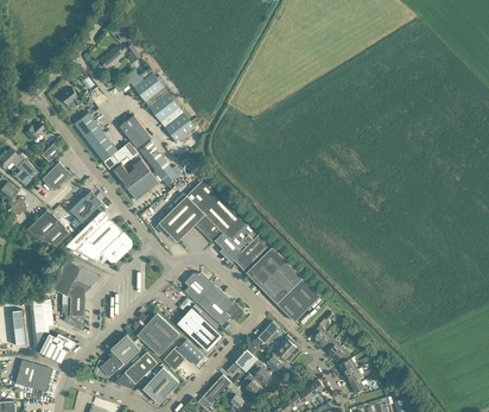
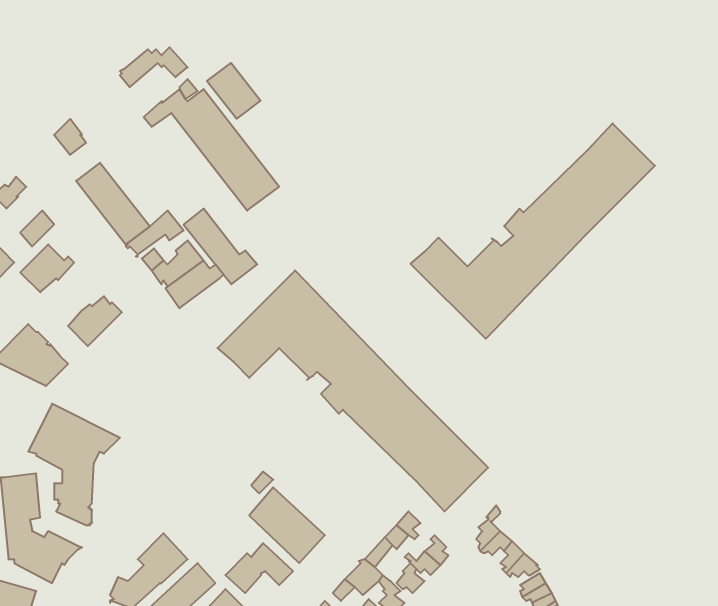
building: none -> [411,123,655,339]
building: [119,114,151,147] -> [207,63,261,119]
building: [64,211,131,266] -> none
building: [184,272,242,325] -> none
building: [134,312,179,355] -> none

